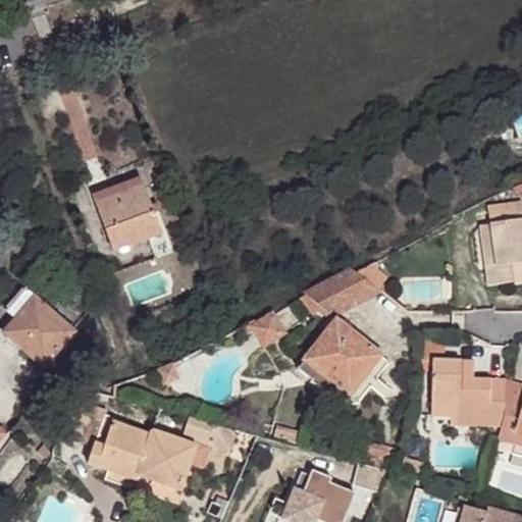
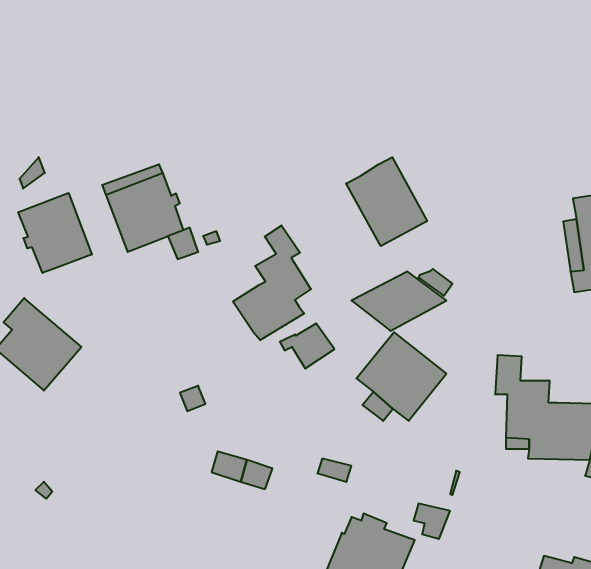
building: none -> [346,157,427,246]
building: none -> [18,193,92,273]
building: none -> [233,225,311,340]
building: [62,413,196,489] -> none

